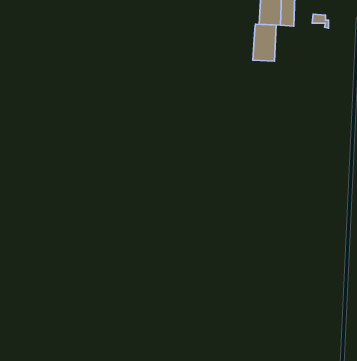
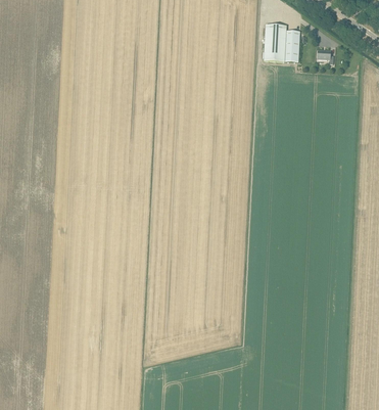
building: [253,24,276,61] -> none

